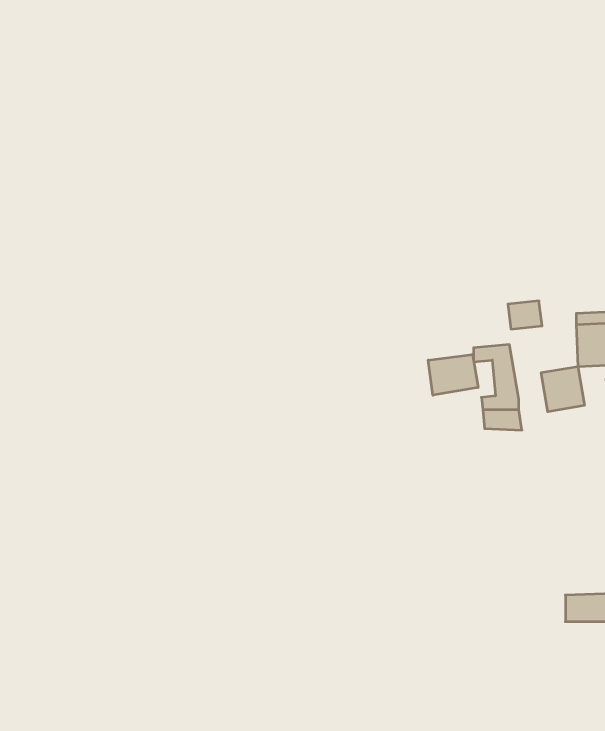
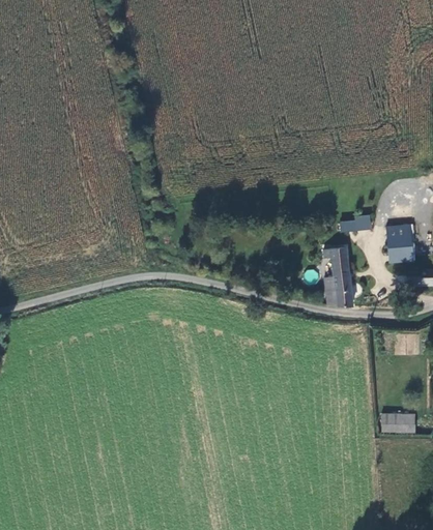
building: [428,354,478,395] -> none
building: [541,366,584,412] -> none

